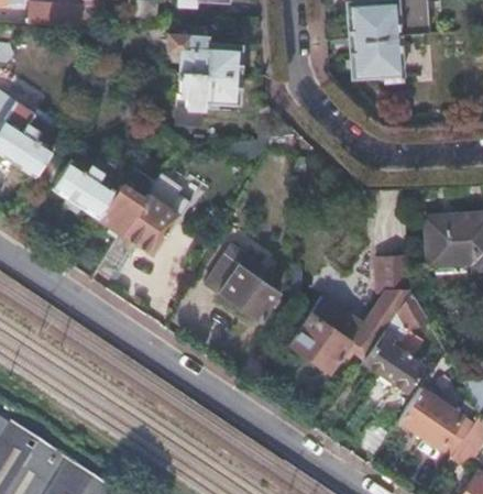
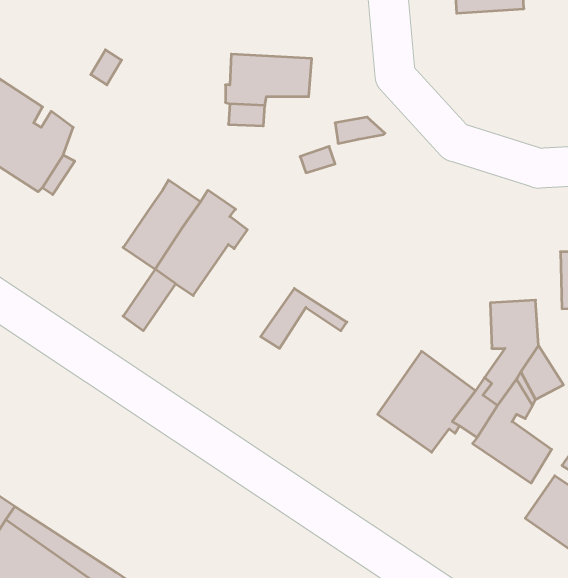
building: [166,39,241,77] -> none
building: [349,40,402,86] -> none
building: [52,154,128,219] -> none
building: [216,264,271,320] -> none

